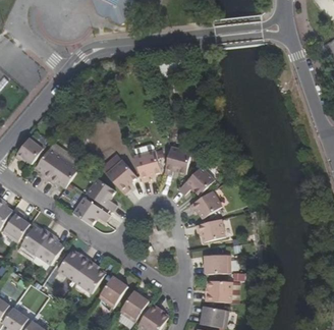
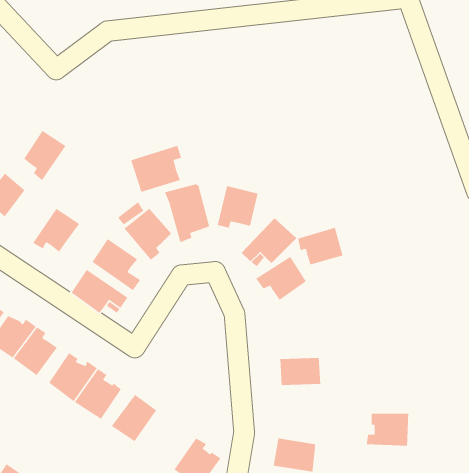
building: none -> [130,145,182,193]
building: [36,149,63,181] -> [23,130,66,181]
building: [197,217,226,241] -> [297,227,344,266]
building: [205,279,232,300] -> [366,413,409,447]
building: [119,291,149,323] -> none

